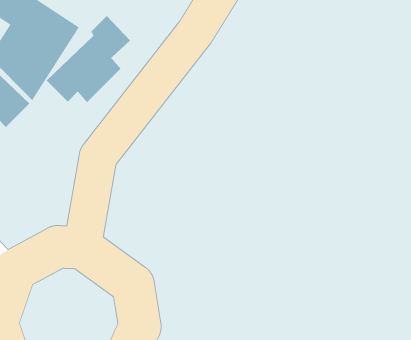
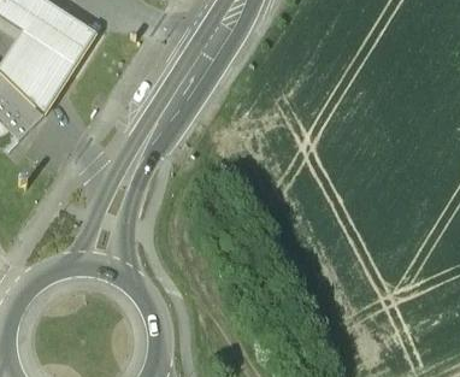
building: [46,15,131,103] -> none

